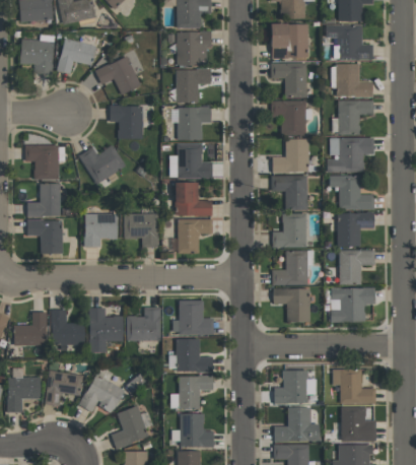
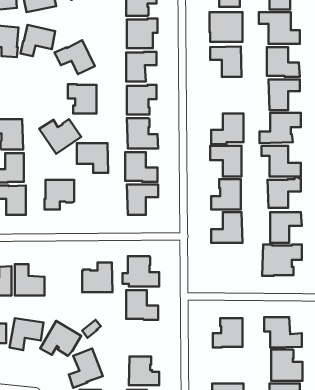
building: [271,101,305,136] -> none
building: [123,214,158,248] -> [77,143,108,173]
building: [272,288,309,322] -> none
building: [88,309,123,352] -> none
building: [178,376,212,409] -> none
building: [274,408,319,442] -> none

